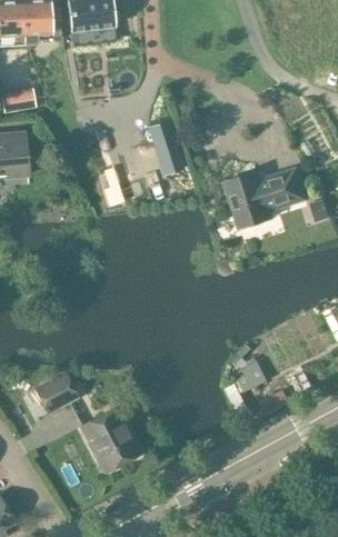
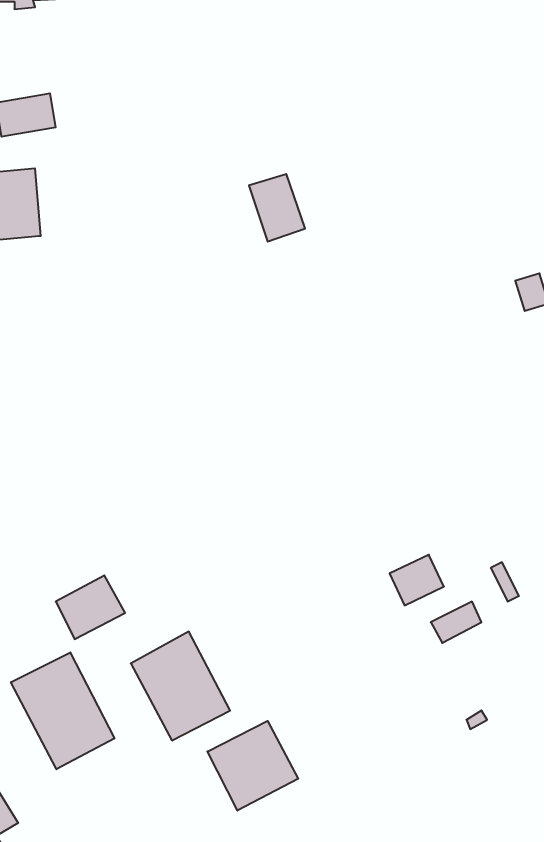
building: [225,169,305,228] -> none
building: none -> [11,652,114,769]
building: none -> [207,721,298,811]

